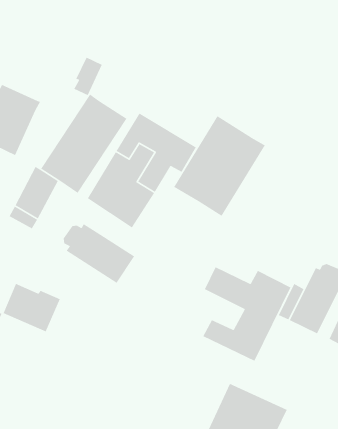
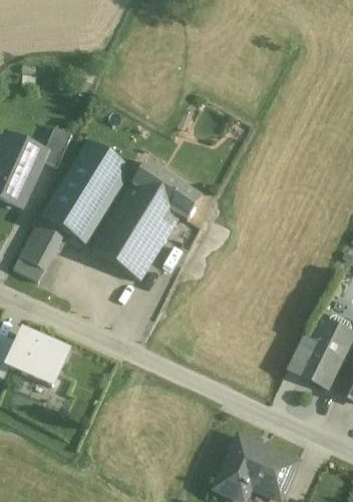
building: [73,56,103,96] -> [43,126,73,166]
building: [173,115,266,217] -> none
building: [63,223,135,284] -> none
building: [202,266,292,362] -> none

